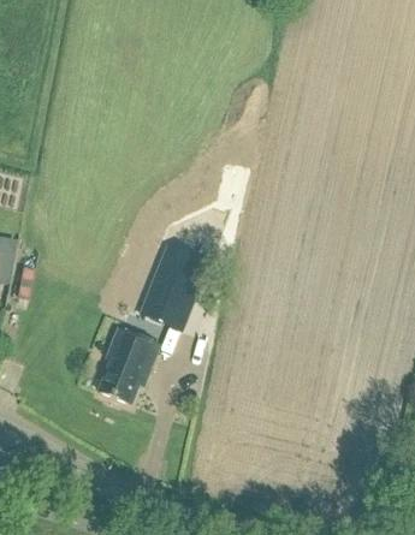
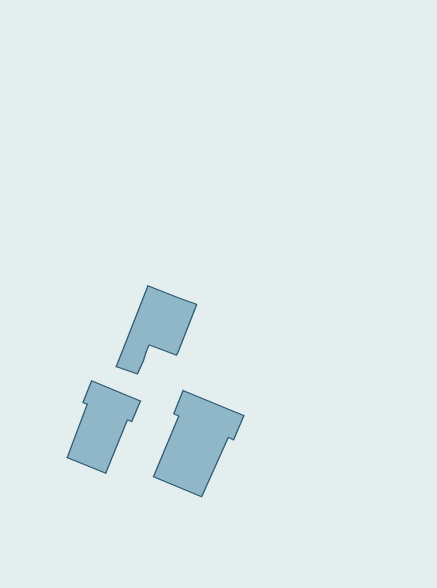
building: none -> [154,390,244,497]

